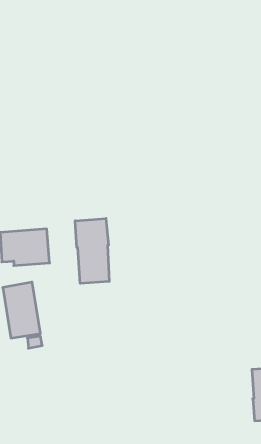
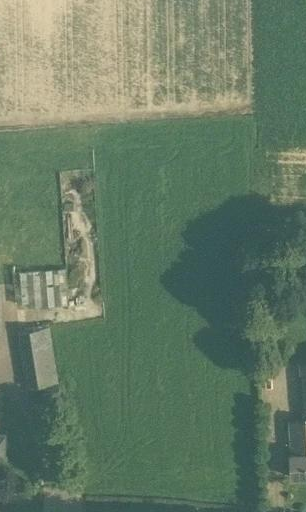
building: [75,218,109,283] -> none

